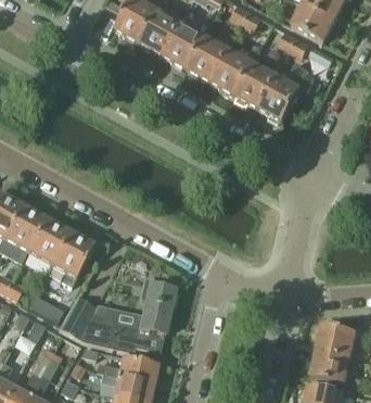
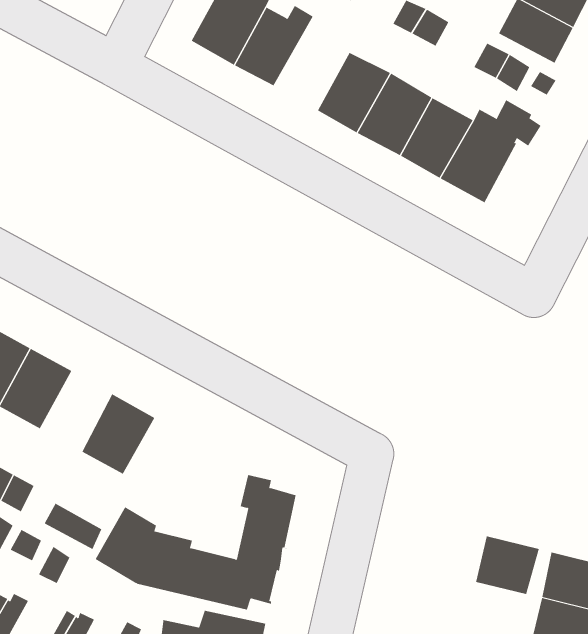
building: [162,14,205,68] -> none
building: [27,218,68,265] -> none
building: none -> [476,535,539,595]

